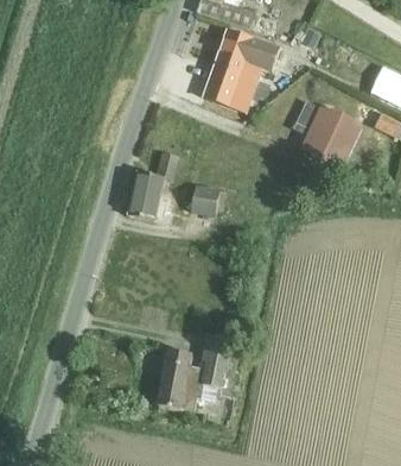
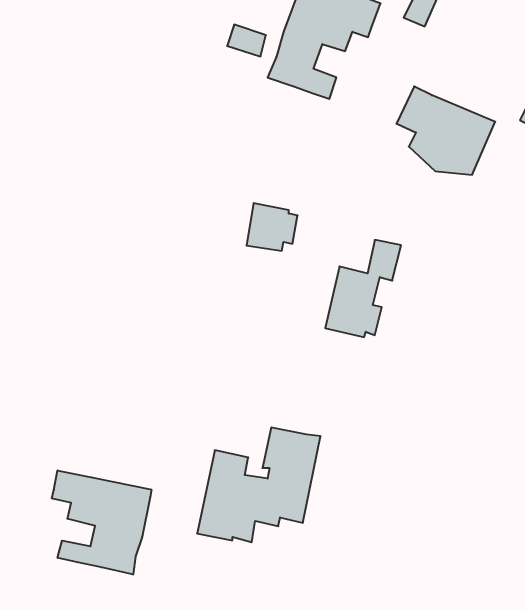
building: [127,153,178,219] -> [325,240,401,337]
building: none -> [52,470,151,575]

